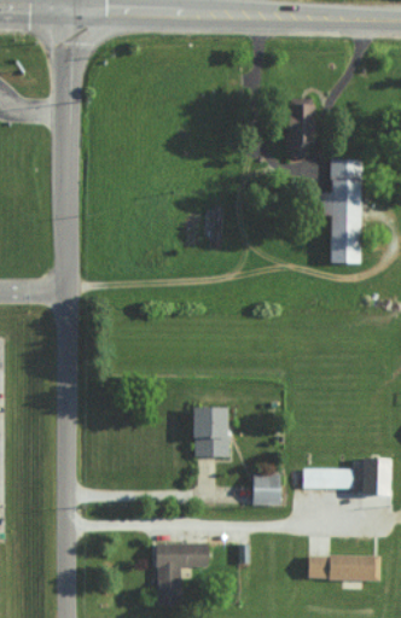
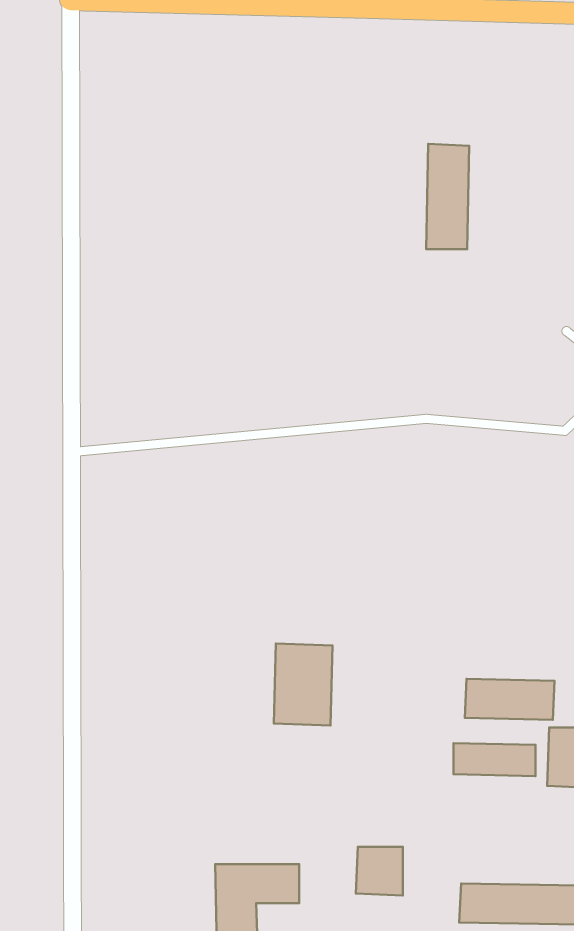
building: [316,158,360,263] -> none
building: none -> [465,679,555,720]
building: [251,474,280,505] -> [356,847,403,895]

